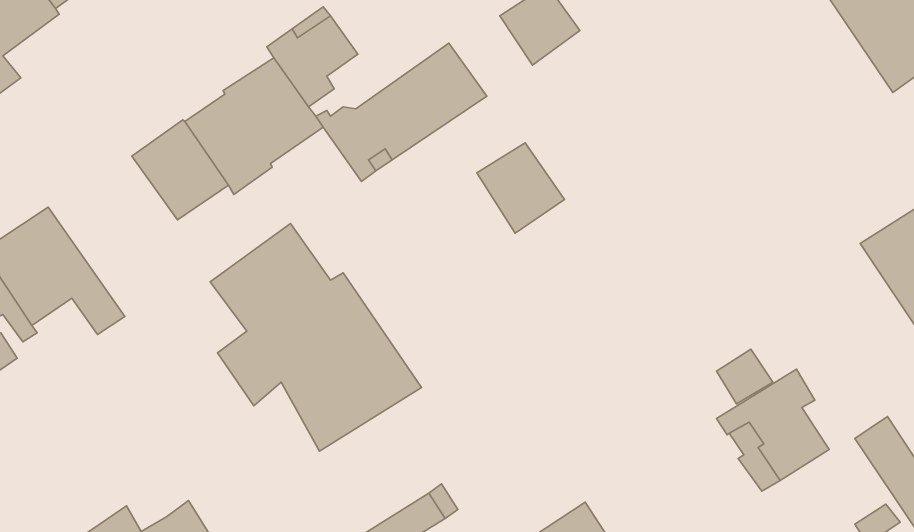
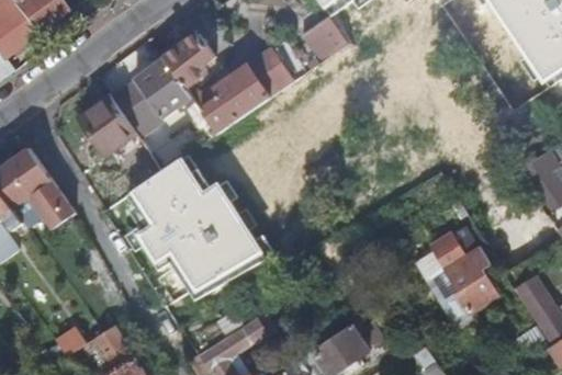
building: [477,143,564,233] -> none

